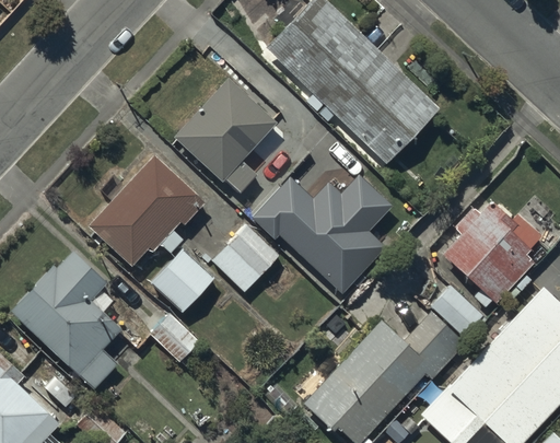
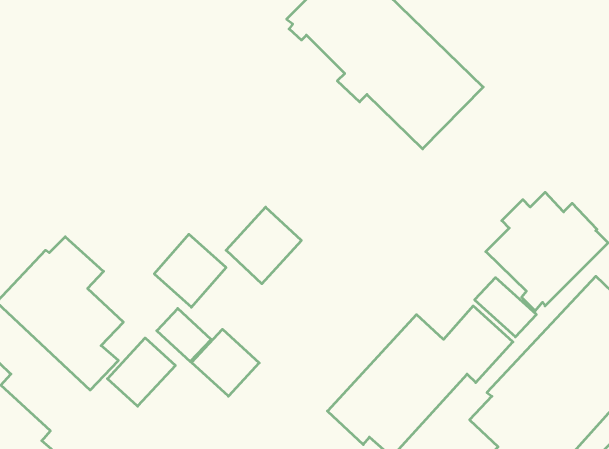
building: [176,86,278,203] -> none
building: [86,154,203,264] -> none
building: [250,174,390,291] -> none
building: none -> [192,329,259,396]
building: none -> [107,338,175,406]

